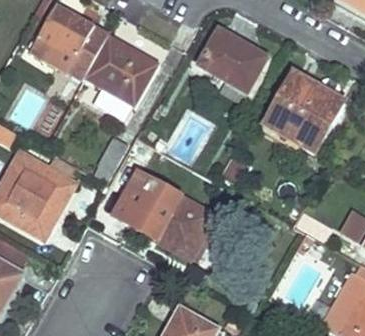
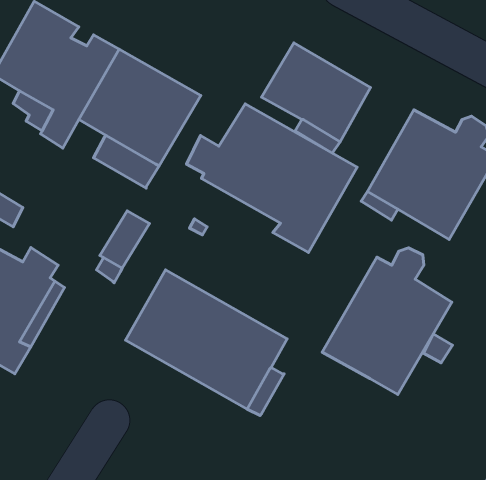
building: none -> [187,104,357,252]
building: none -> [322,248,452,395]

